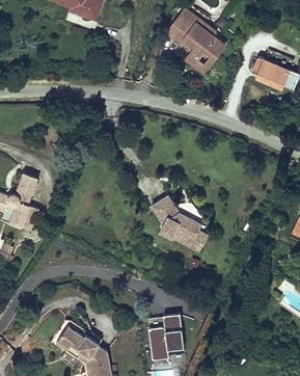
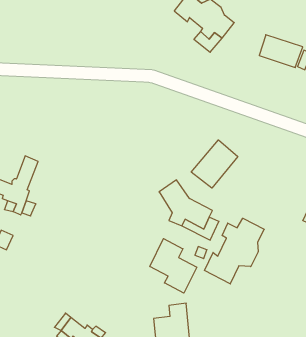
building: none -> [191,140,238,188]
building: none -> [205,218,264,284]
building: none -> [150,239,197,293]

